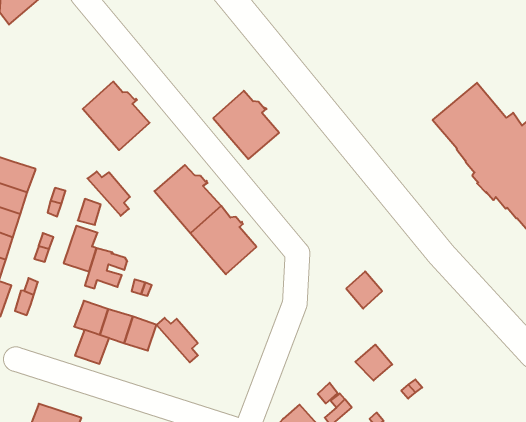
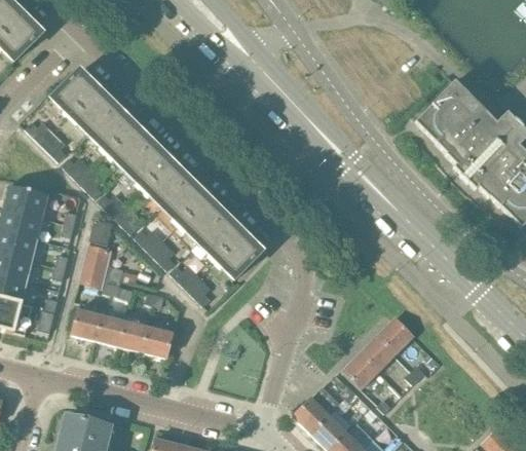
building: none -> [51,72,114,135]
building: none -> [25,119,66,160]
building: [213,91,279,159] -> [124,143,187,206]
building: none -> [62,157,102,196]
building: none -> [134,228,174,268]
building: [346,271,382,309] -> [378,317,412,352]
building: [156,318,198,362] -> [170,264,211,304]
building: [75,330,109,364] -> [71,308,102,339]
building: none -> [343,352,379,387]

